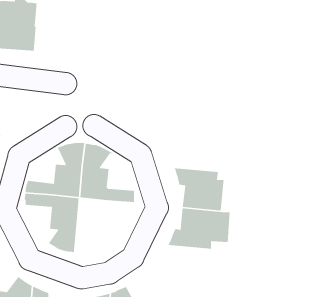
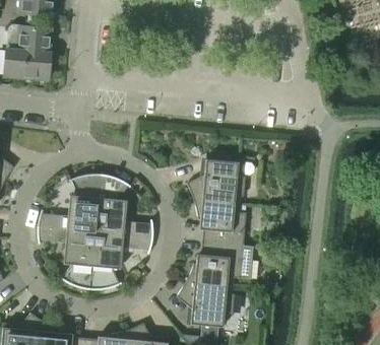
building: none -> [186,157,245,203]
building: none -> [89,230,152,288]
building: none -> [176,280,235,325]

